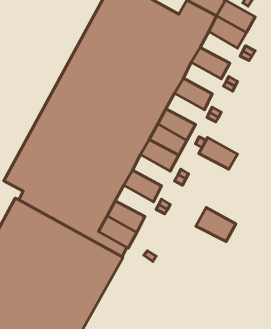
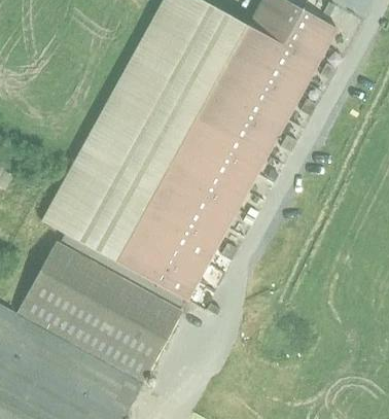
building: none -> [272,46,316,83]
building: none -> [252,82,296,119]
building: [199,138,237,169] -> [232,118,277,155]
building: none -> [192,190,237,228]
building: none -> [172,226,217,264]
building: [196,208,236,242] -> none

